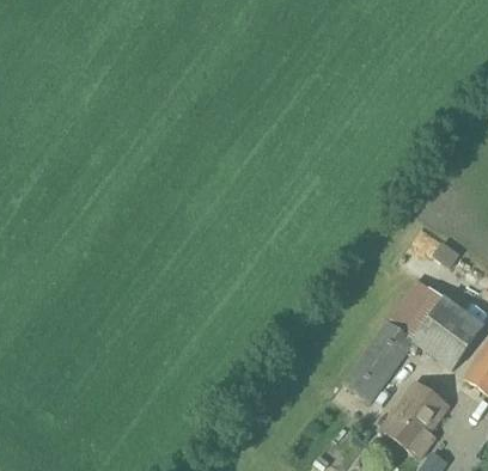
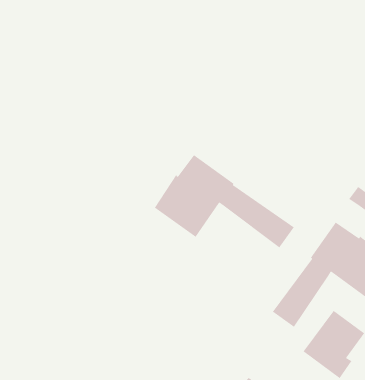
building: none -> [154,154,295,249]

